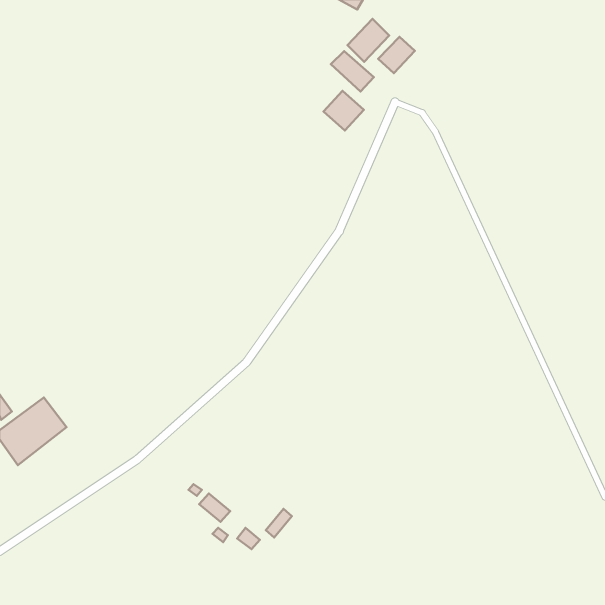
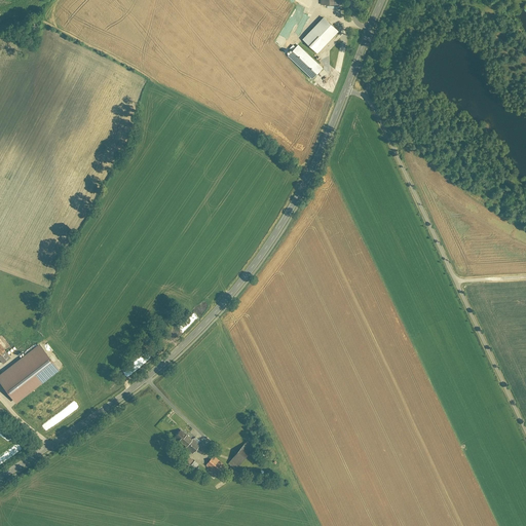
building: [378,37,415,73] -> none
building: [324,91,364,131] -> none

